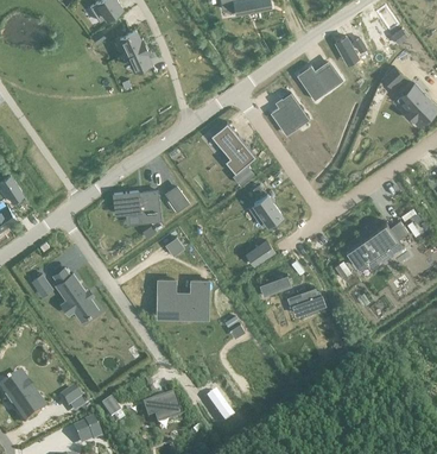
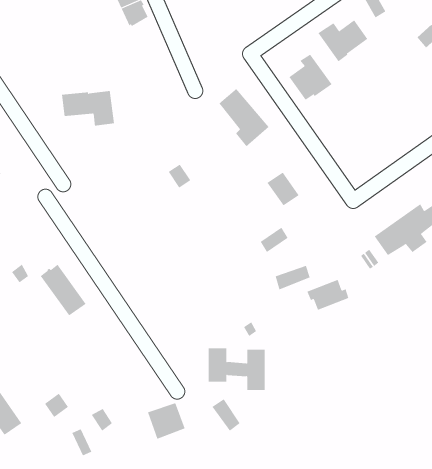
building: [114,191,160,222] -> [61,91,115,126]
building: [158,280,208,317] -> [208,348,266,390]

